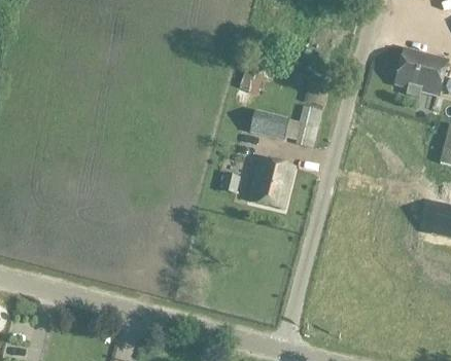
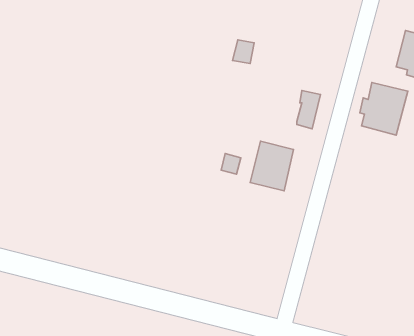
building: none -> [360,82,408,135]
building: [248,109,288,139] -> none

